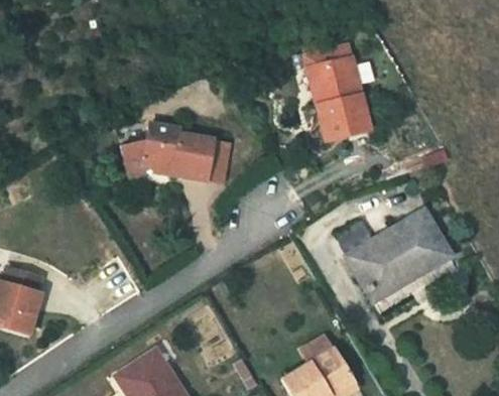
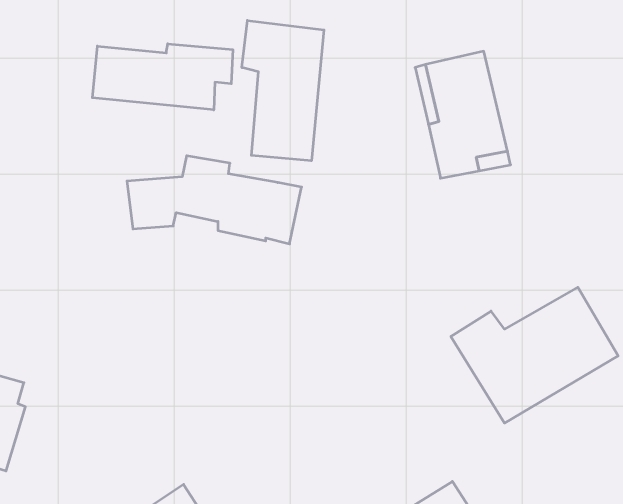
building: none -> [242,20,324,161]
building: none -> [92,44,233,110]

